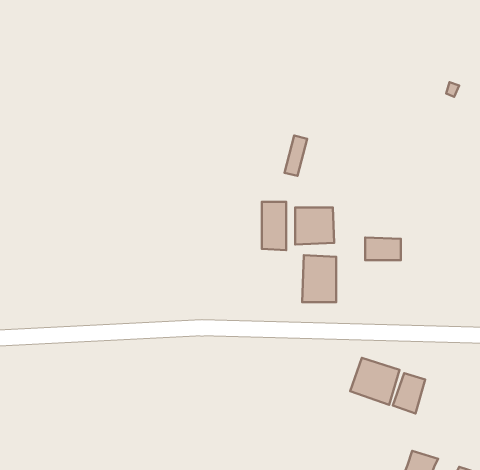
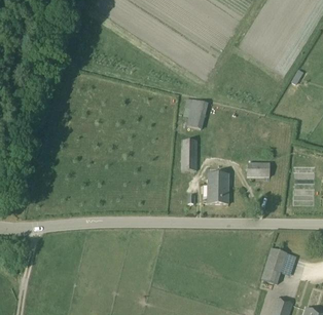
building: [295,207,334,245] -> none
building: [350,358,399,405] -> none

